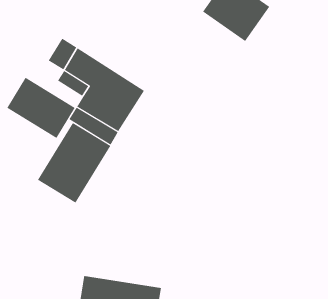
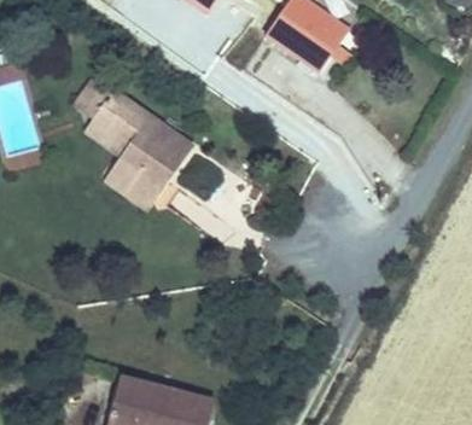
building: [6,77,76,139] -> none
building: [37,122,111,203] -> none

